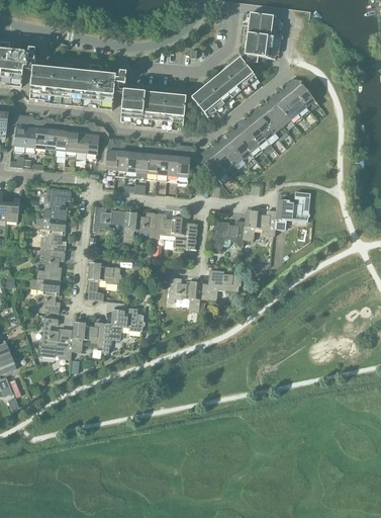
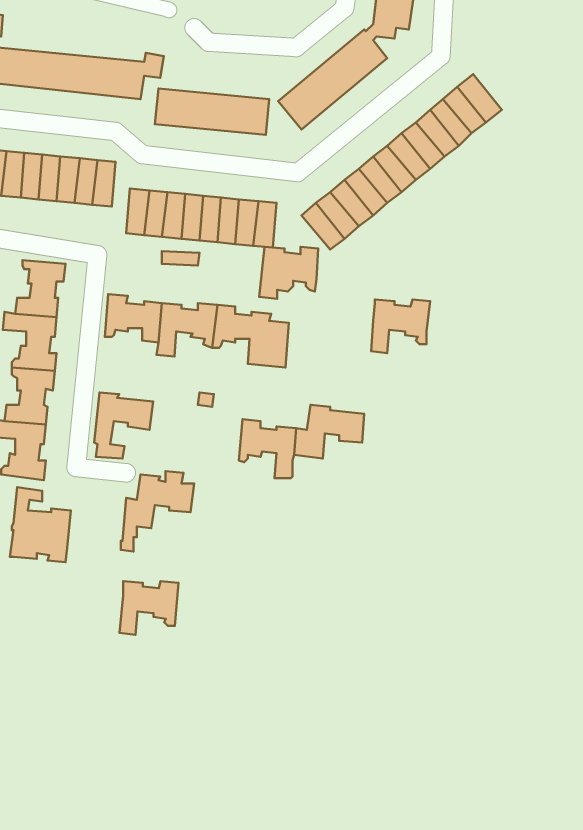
building: [275,190,309,229] -> none
building: [211,221,245,250] -> [259,247,318,299]
building: [72,321,105,351] -> [119,581,178,635]

